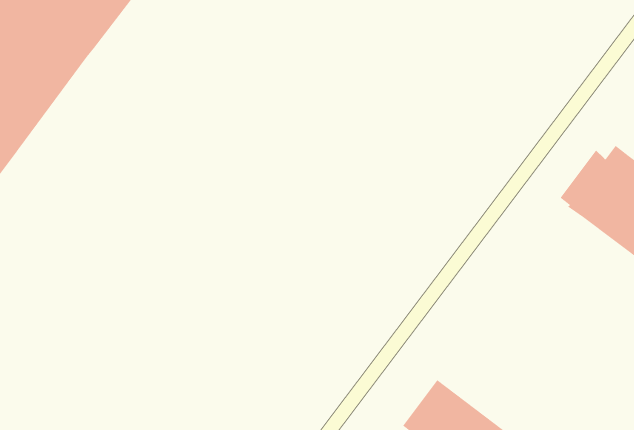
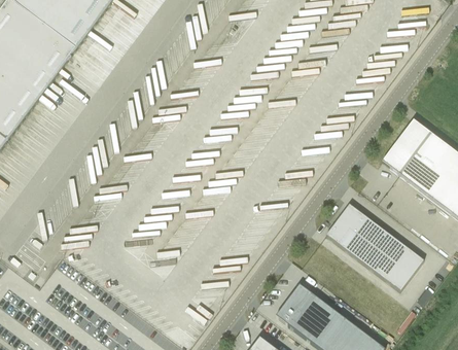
building: none -> [325,203,423,290]

